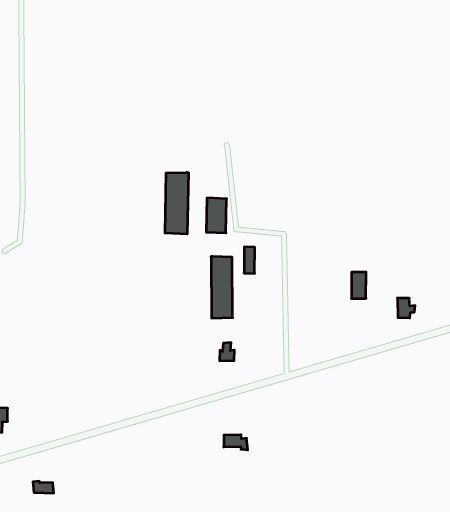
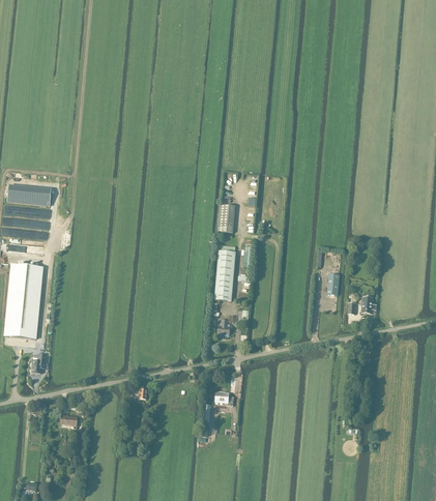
building: [165,172,188,234] -> none

